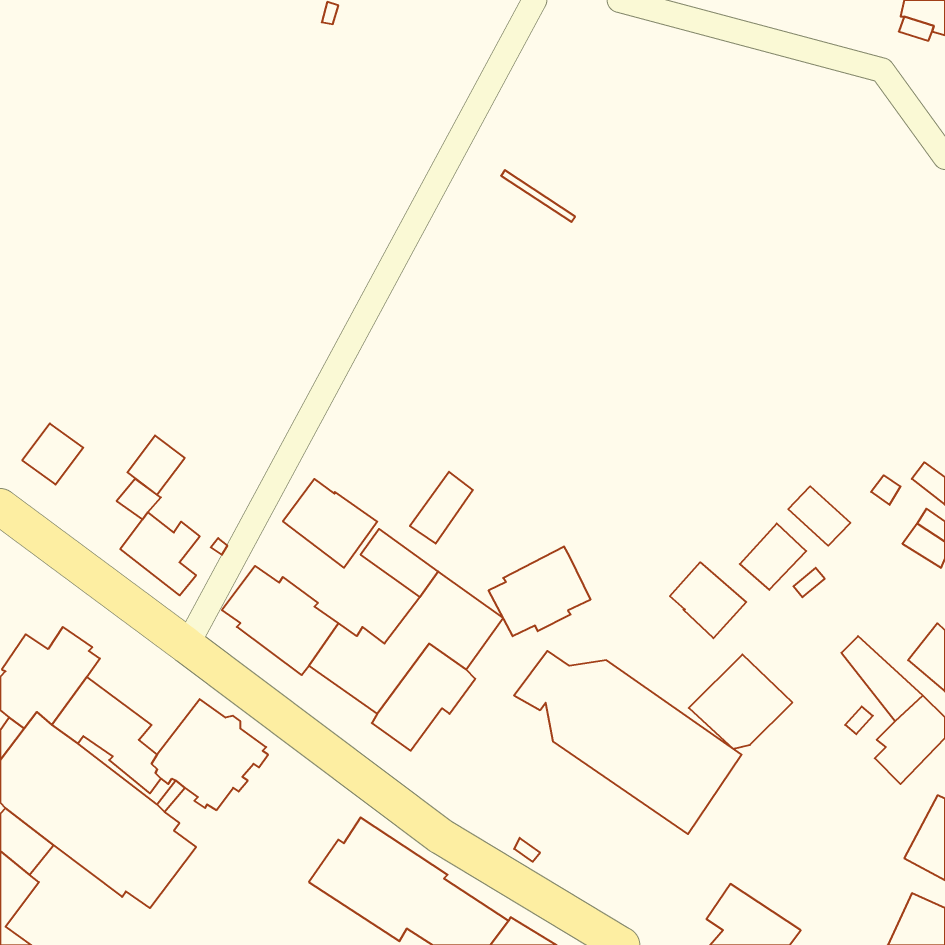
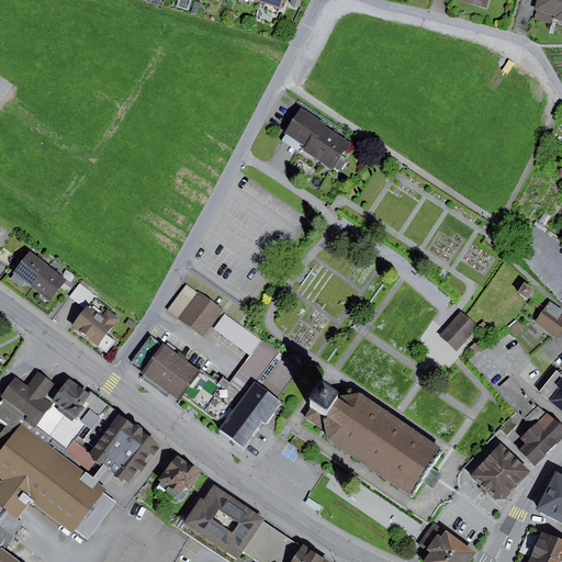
building: none -> [284,112,350,175]
building: [127,435,185,495] -> [33,266,67,301]
building: [410,472,473,544] -> none
building: [788,486,850,546] -> none
building: [489,546,590,636] -> none
building: [670,562,746,638] -> none
building: none -> [52,379,120,448]
building: [689,654,792,749] -> [470,443,531,499]
building: none -> [159,456,201,497]

